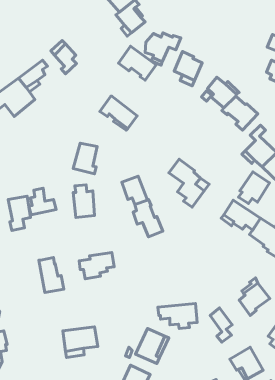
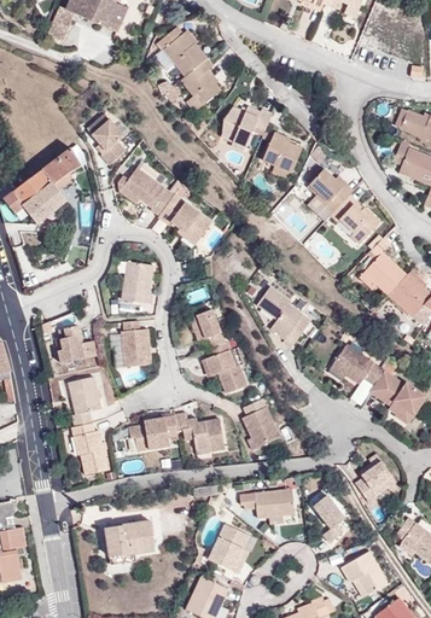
building: [119,46,156,80] -> [120,169,173,217]
building: [239,172,269,204] -> none
building: [8,196,31,230] -> [69,379,100,427]
building: none -> [244,406,281,448]
building: none -> [173,413,225,451]

